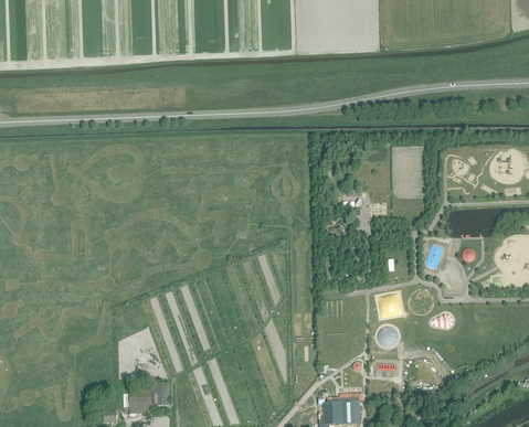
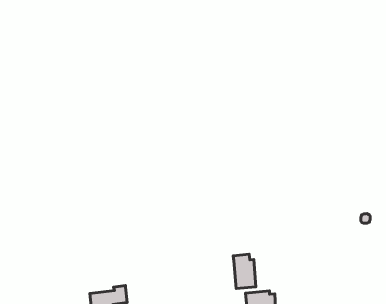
building: none -> [233,254,256,288]

